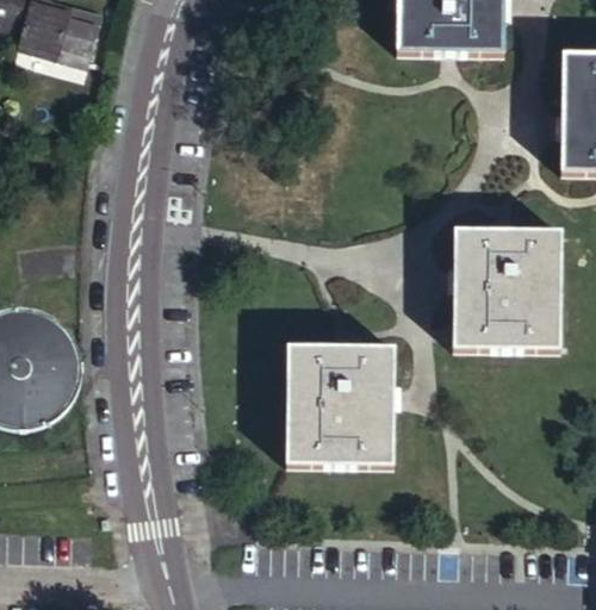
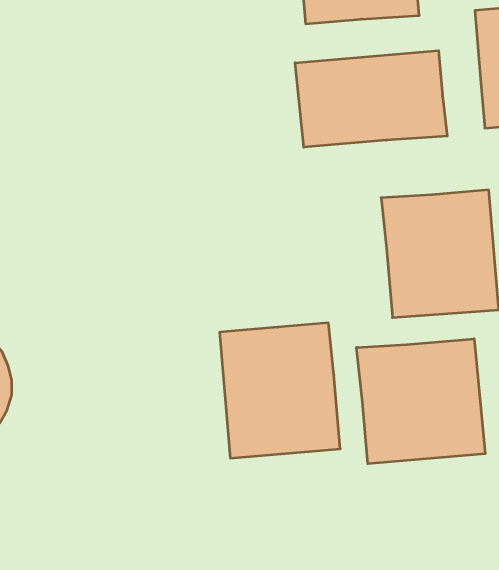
building: none -> [295,51,447,147]
building: none -> [357,339,485,464]

